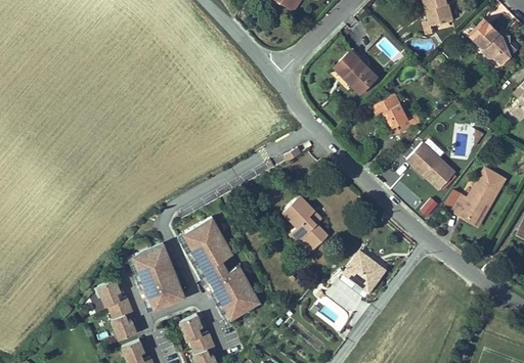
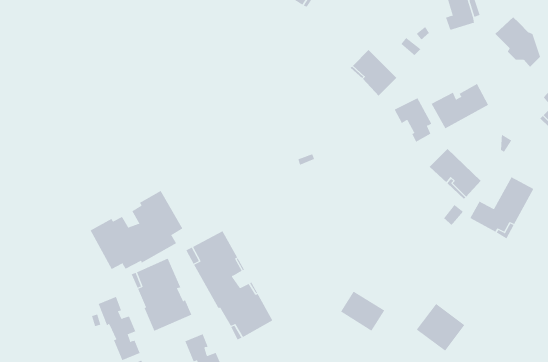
building: none -> [431,83,489,129]
building: none -> [90,190,183,270]
building: [281,193,328,254] -> none
building: [342,247,388,292] -> [416,303,465,351]

